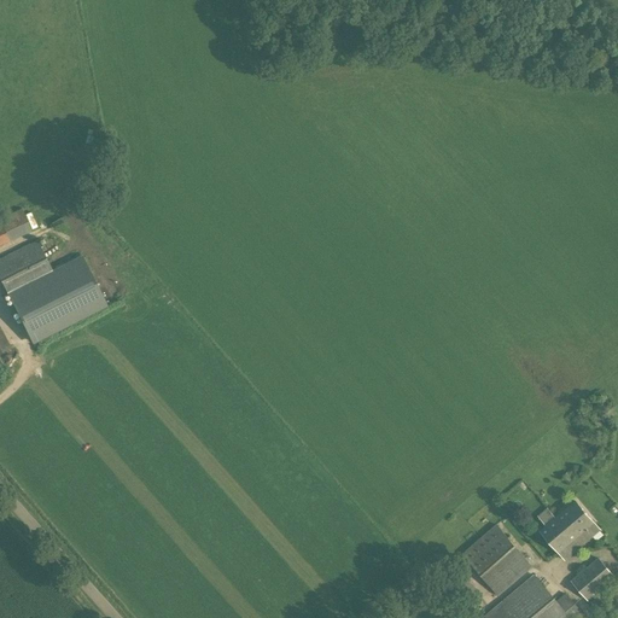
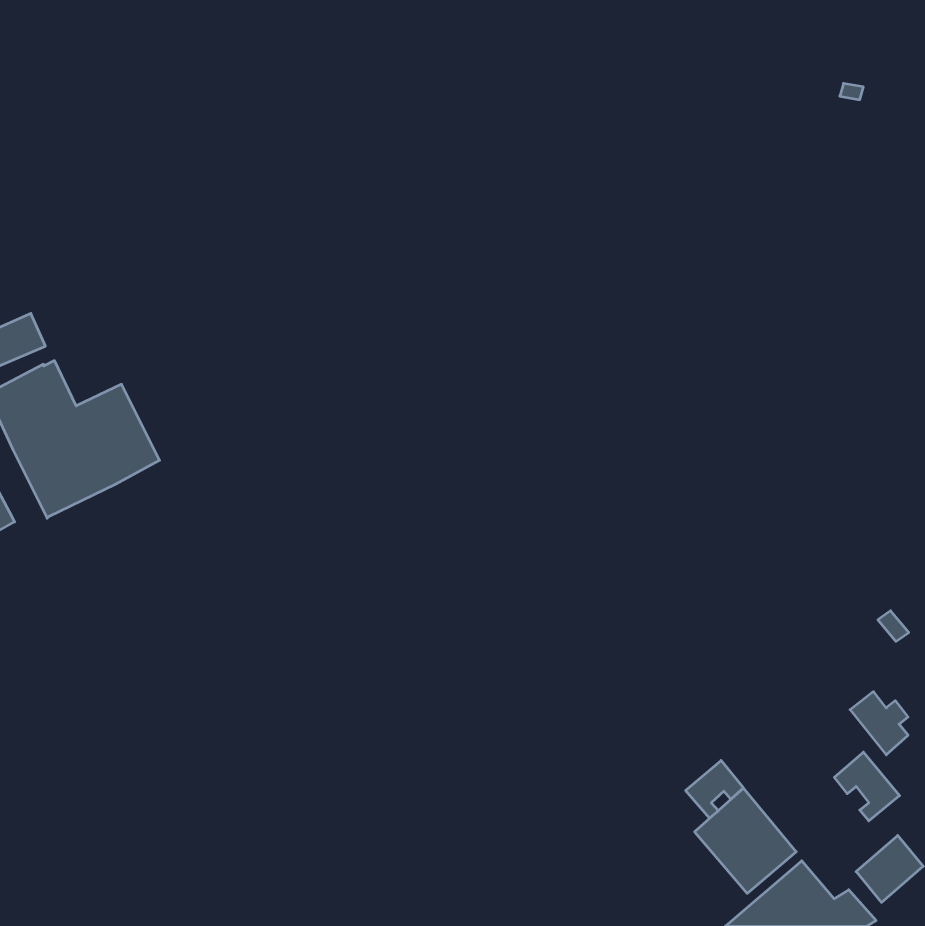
building: none -> [686,760,743,818]
building: [540,518,578,560] -> [850,692,908,755]

